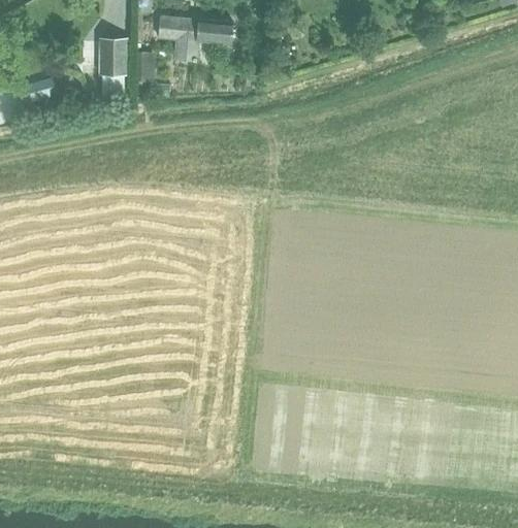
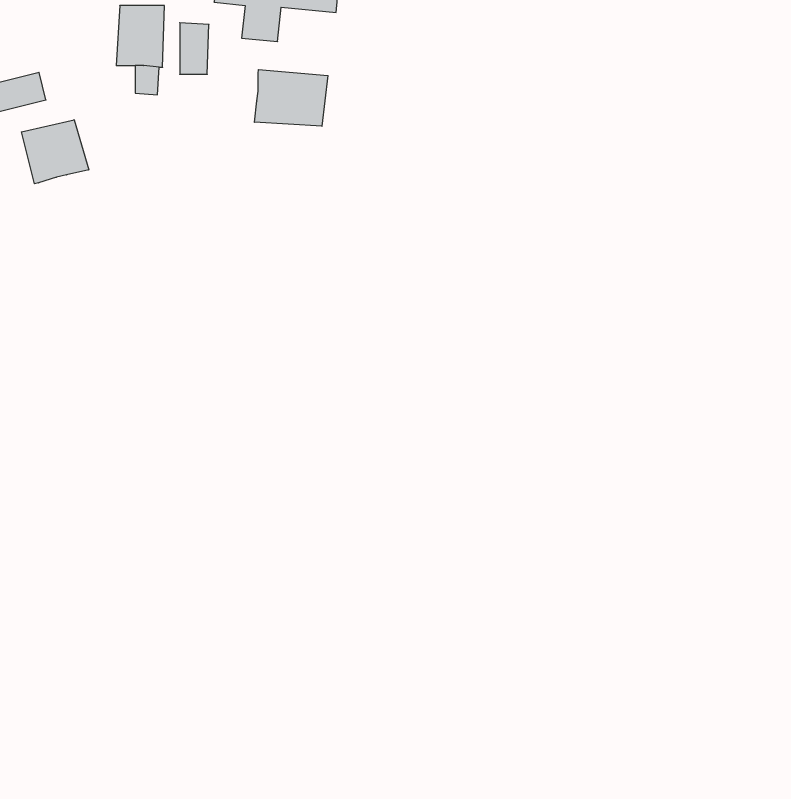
building: none -> [254,70,328,126]
building: none -> [21,120,89,184]

